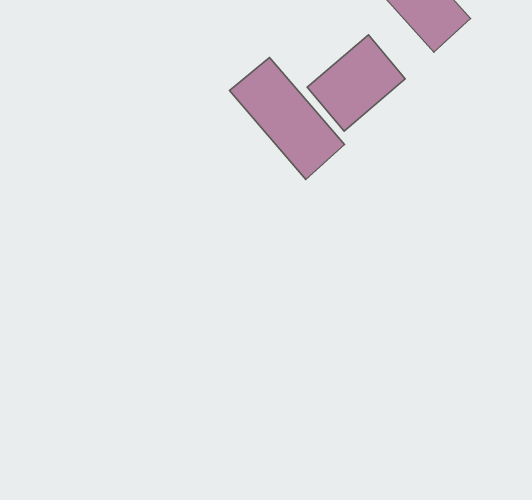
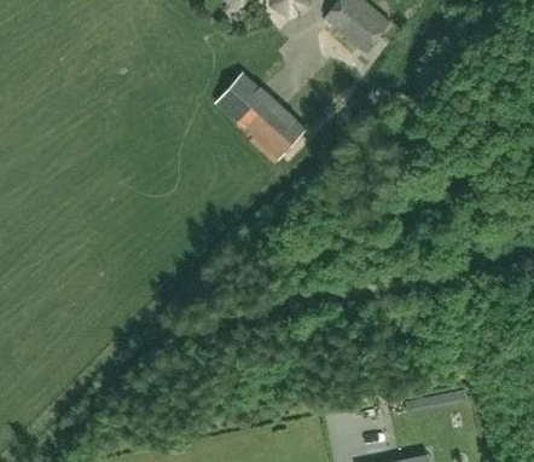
building: [307,35,405,131] -> none

